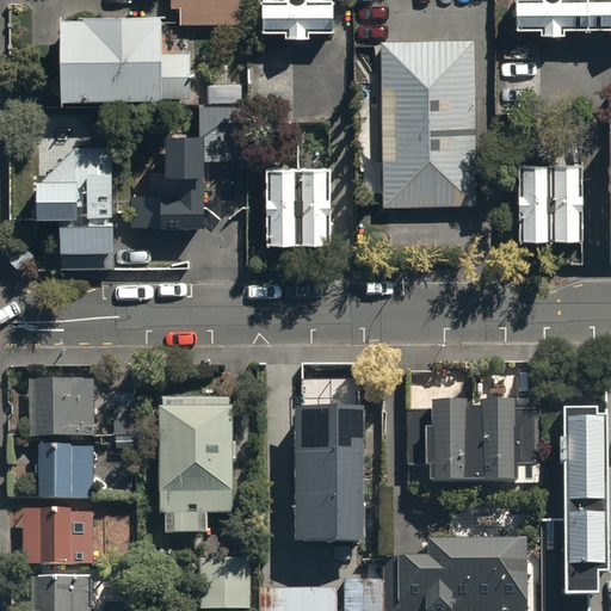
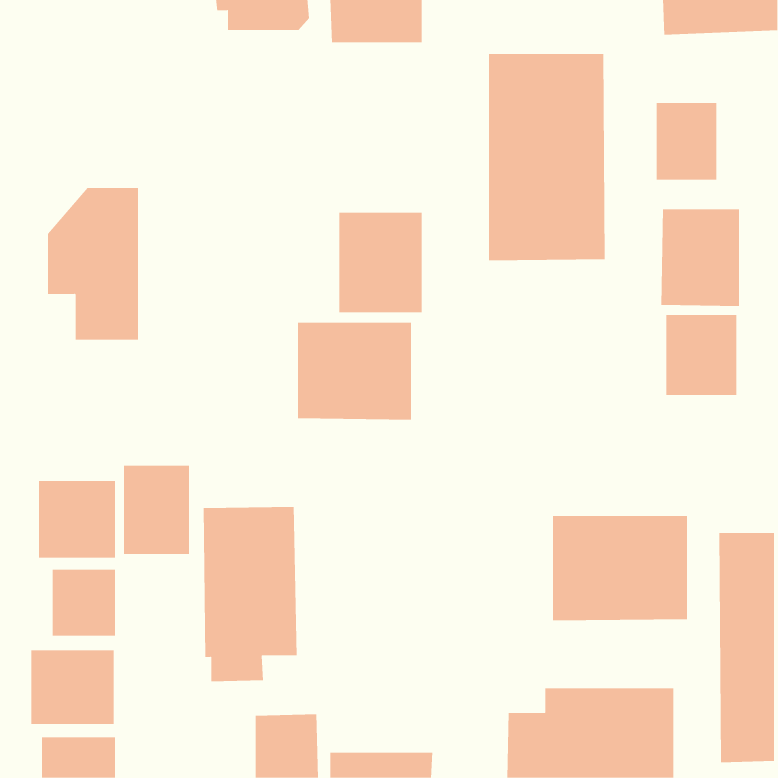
building: [62,18,190,98] -> none
building: none -> [656,102,717,181]
building: [156,134,200,224] -> none
building: none -> [666,314,737,396]
building: none -> [298,322,412,420]
building: none -> [123,465,189,555]
building: [294,409,364,545] -> none

